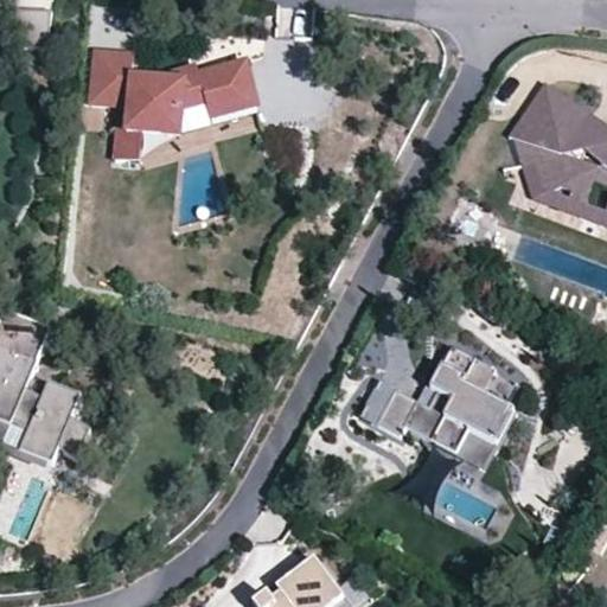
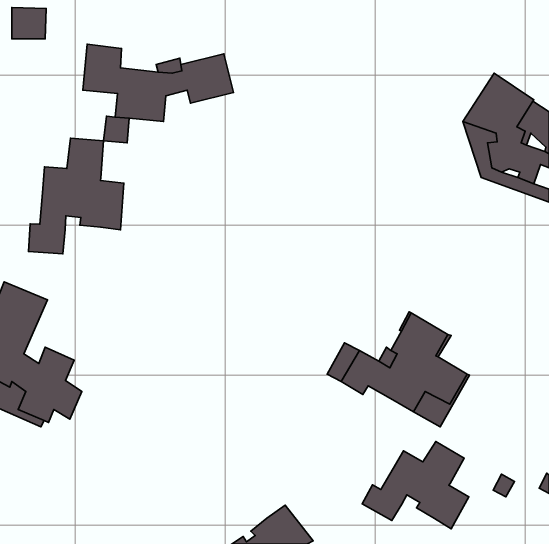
building: none -> [29,138,124,254]
building: none -> [362,442,469,529]

